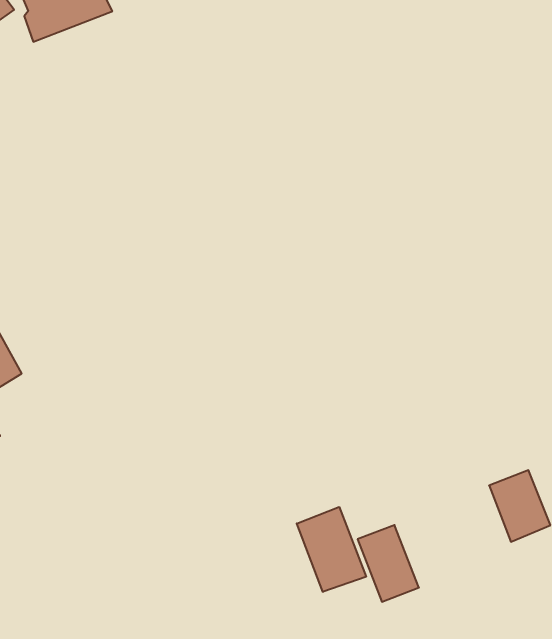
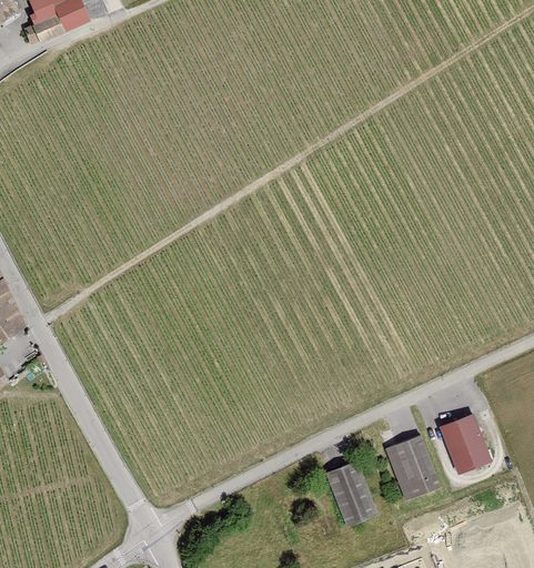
building: none -> [383,433,439,498]
building: [297,507,366,592] -> none

